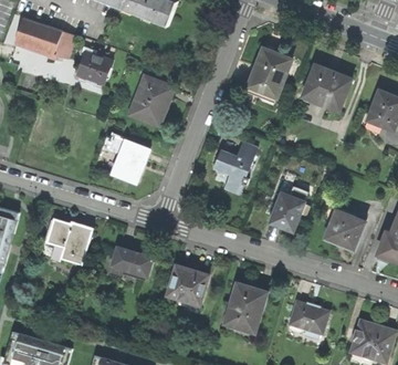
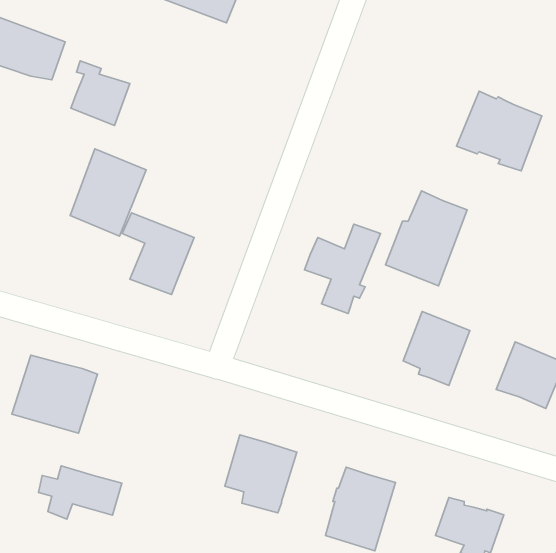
building: [242,44,290,100] -> [385,191,467,286]
building: [128,72,172,123] -> [70,149,146,236]
building: [103,243,151,274] -> [38,466,122,519]

